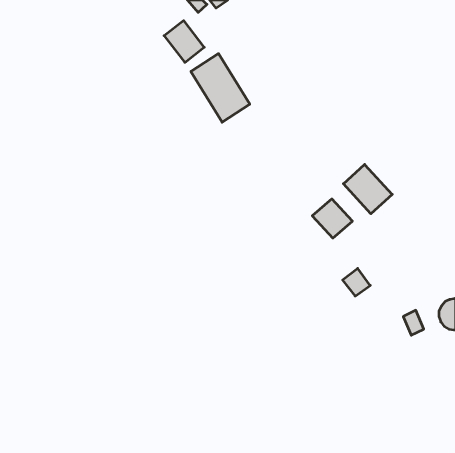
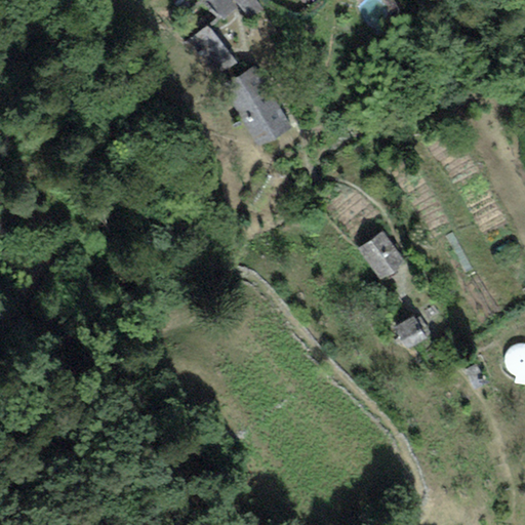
building: [343,164,392,214] -> none

